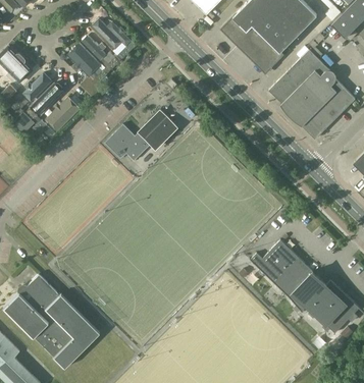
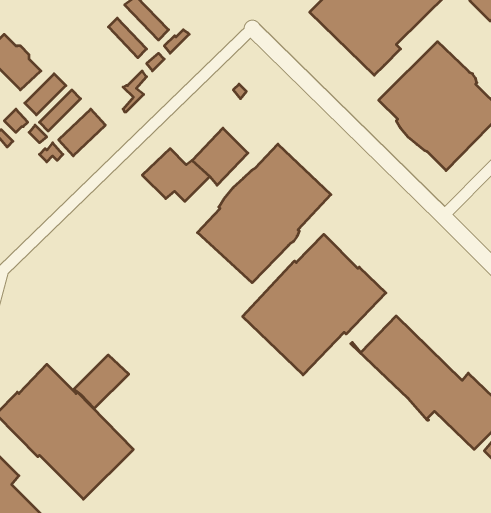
building: [68,44,100,75] -> none
building: none -> [197,144,331,283]
building: none -> [243,234,386,375]
building: none -> [74,355,129,409]

